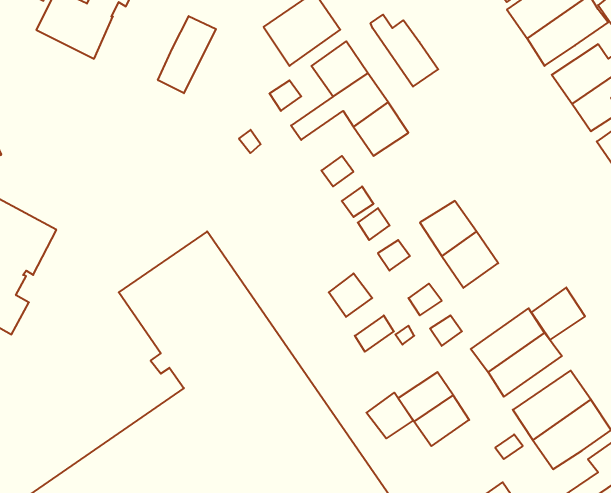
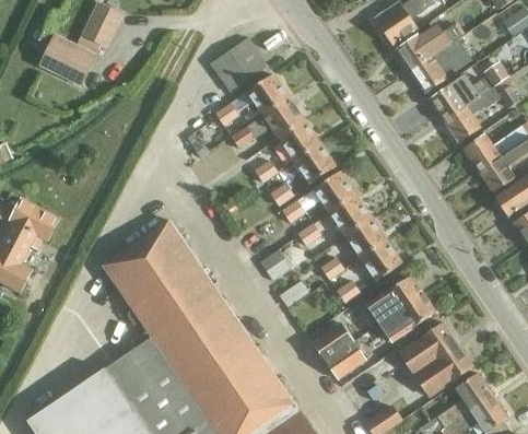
building: [371,15,438,87] -> none
building: [158,16,216,93] -> none
building: none -> [293,143,336,185]
building: none -> [313,172,354,211]
building: [531,287,585,340] -> [361,242,401,281]
building: [366,393,413,438] -> none

